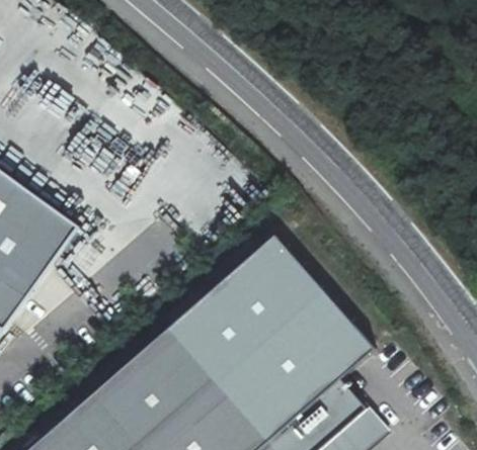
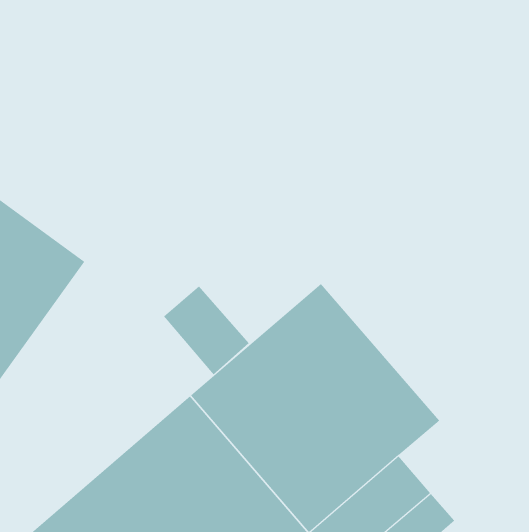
building: none -> [163,285,250,375]

